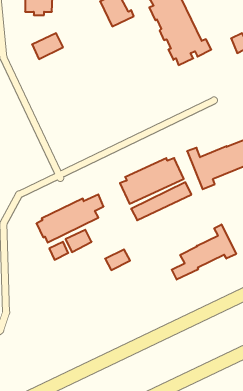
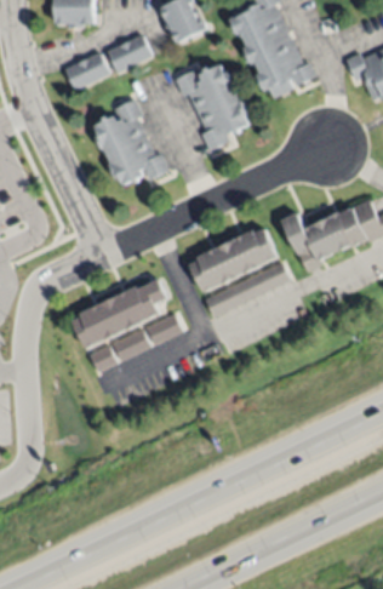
building: none -> [107,35,152,72]
building: none -> [173,63,247,151]
building: none -> [92,98,168,185]
building: [172,224,236,280] -> none
building: [105,249,130,270] -> [147,315,182,344]

